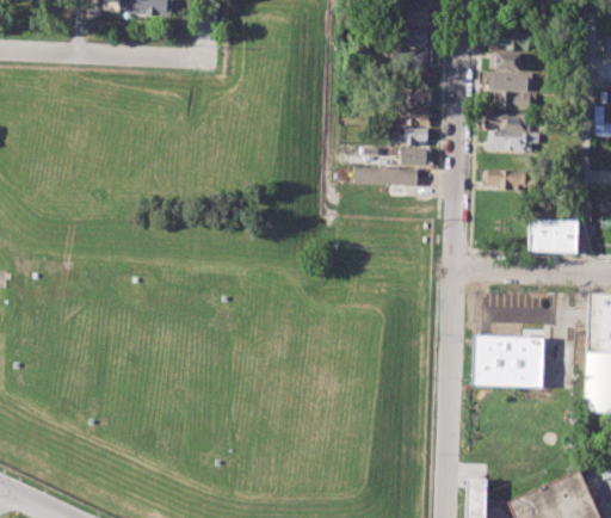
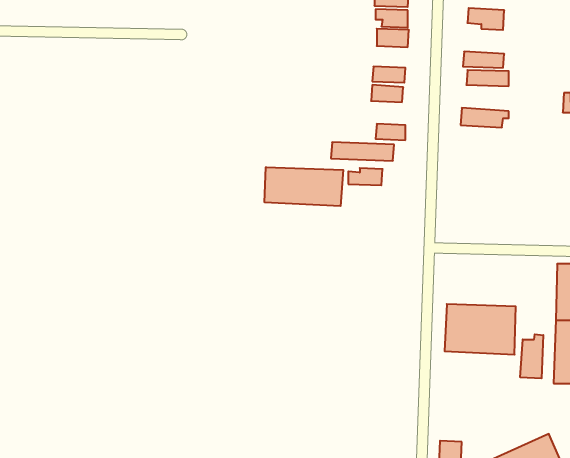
building: [490,53,521,70] -> none
building: [485,112,527,130] -> none
building: [393,128,428,146] -> [348,168,383,185]
building: [485,169,523,190] -> none
building: none -> [265,167,343,206]
building: [529,216,578,252] -> none
building: none -> [520,334,543,378]

